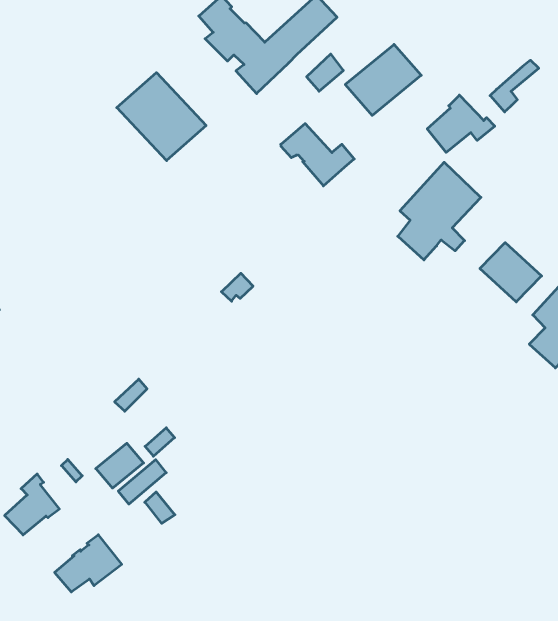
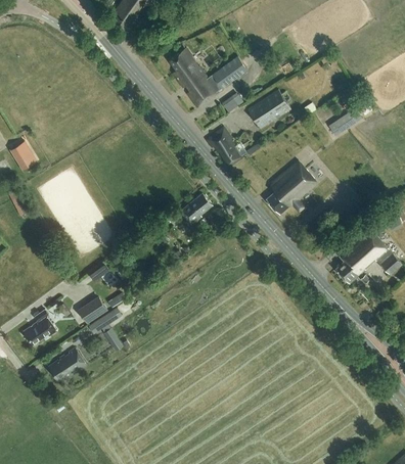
building: [117,73,206,161] -> none
building: [427,95,495,152] -> none
building: none -> [180,191,212,224]
building: [480,243,542,302] -> none

